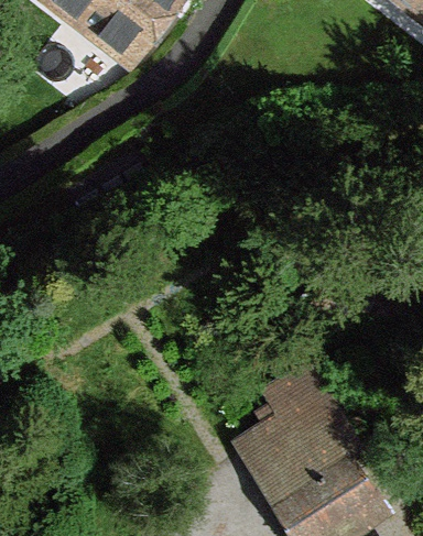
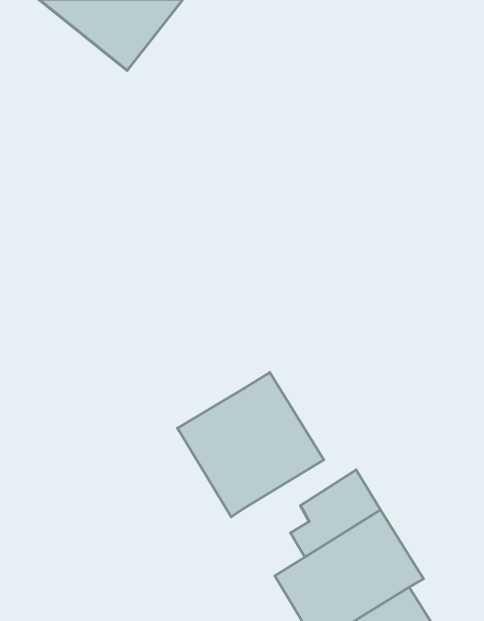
building: none -> [178,373,324,517]

